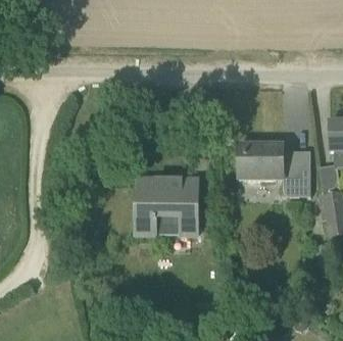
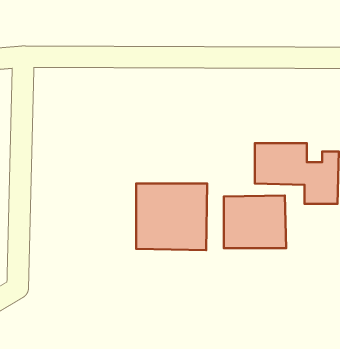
building: none -> [224,196,286,248]

